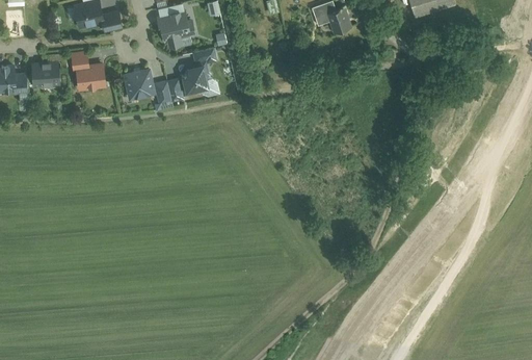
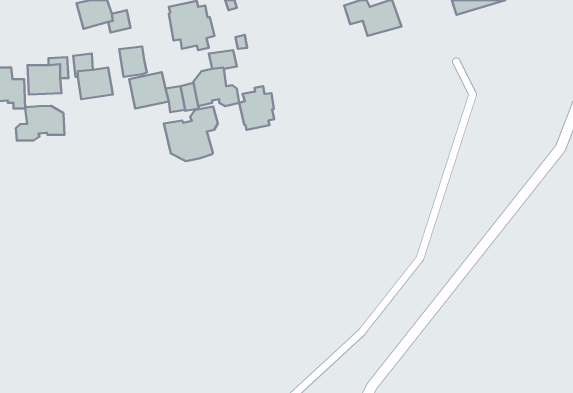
building: none -> [119,46,147,77]
building: none -> [239,86,274,130]
building: none -> [16,106,64,141]
building: none -> [164,107,218,161]

